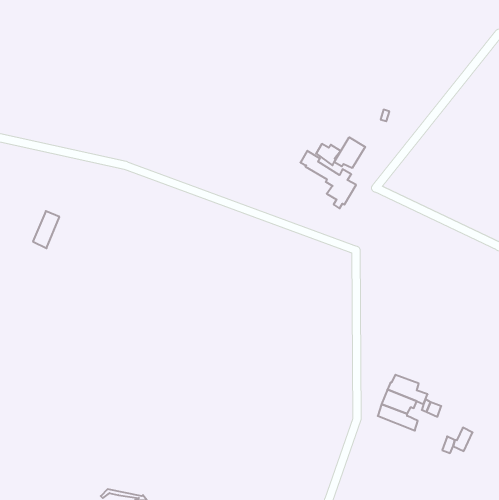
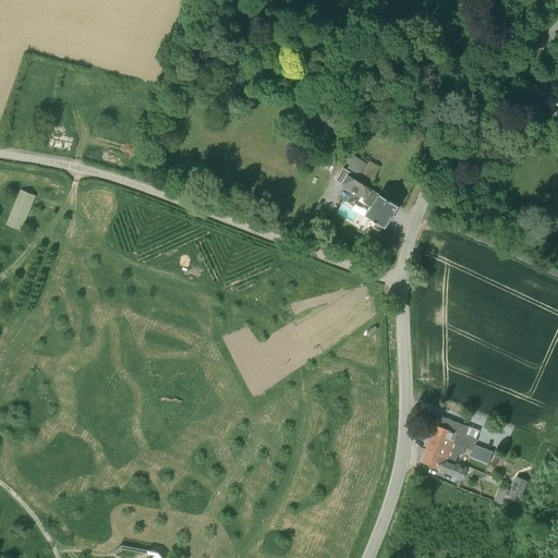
building: [334,137,365,168] -> none
building: [33,211,59,248] -> [5,190,35,231]

